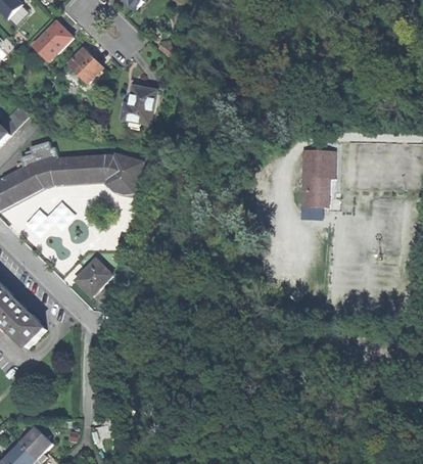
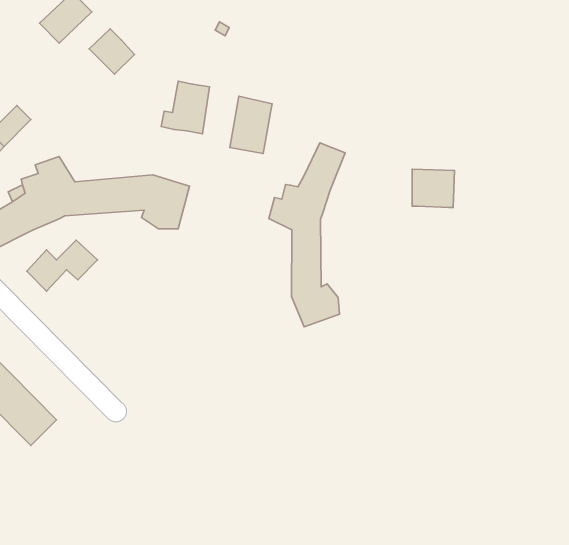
building: none -> [230,96,272,153]
building: none -> [269,143,345,327]
building: [306,177,328,207] -> none
building: [76,261,111,296] -> none

